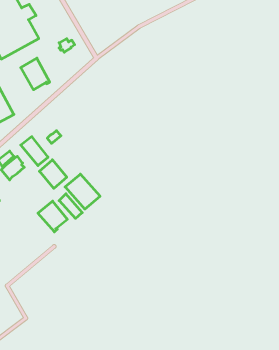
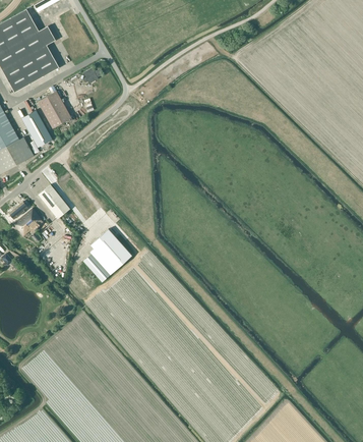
building: none -> [20,110,51,147]
building: [39,160,67,188] -> none
building: [38,201,67,232] -> none

